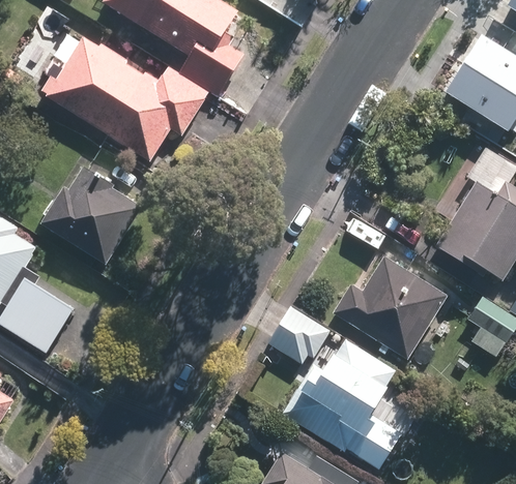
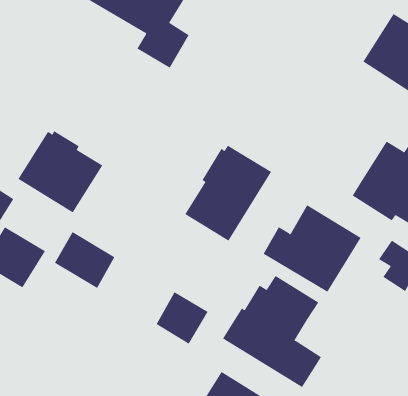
building: [48,37,209,159] -> none
building: none -> [185,145,272,242]
building: none -> [54,231,115,289]
building: [269,304,332,366] -> [156,292,209,344]

